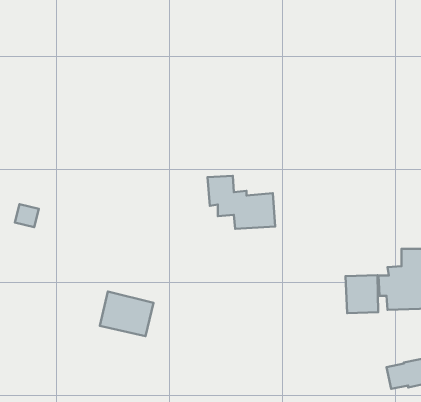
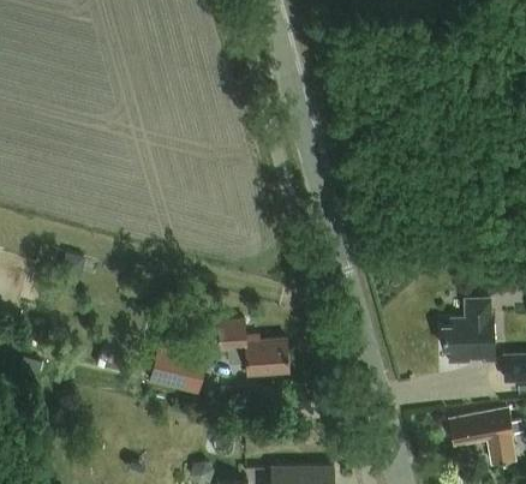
building: [208,176,275,229] -> [217,319,288,375]
building: [345,275,378,313] -> none

